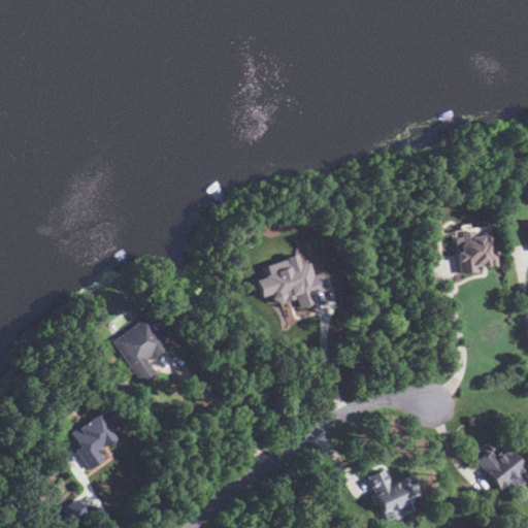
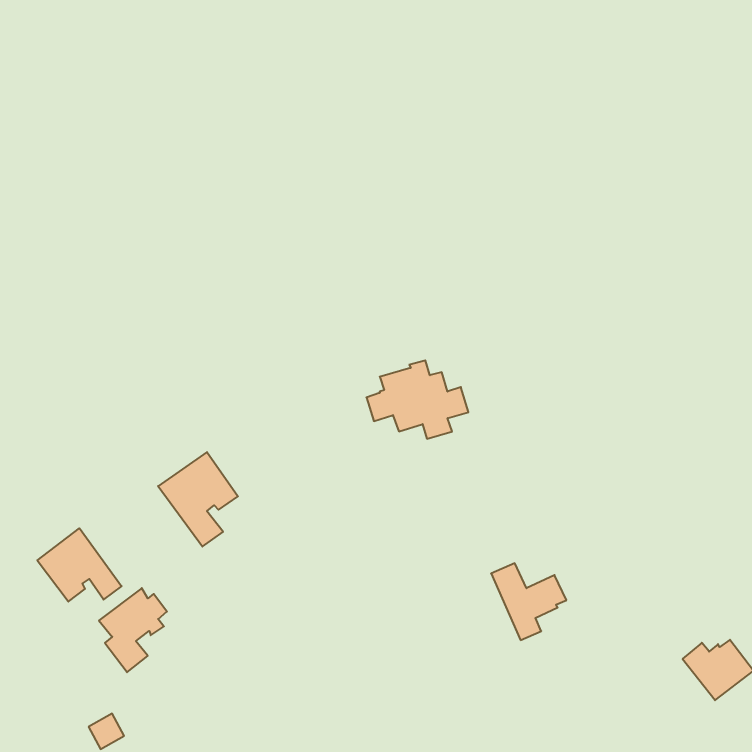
building: [454,224,500,275] -> none
building: none -> [37,528,122,602]
building: [368,469,421,523] -> [491,563,566,640]

